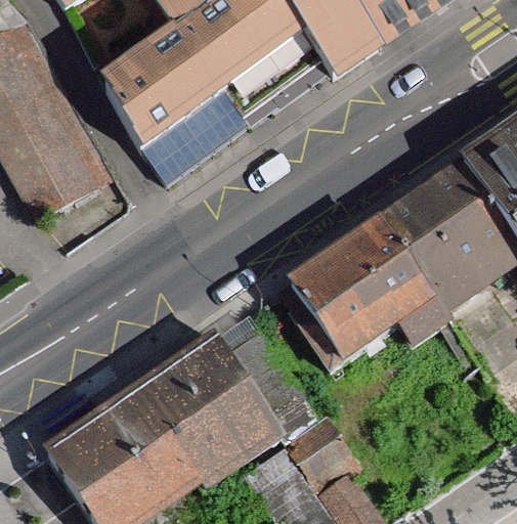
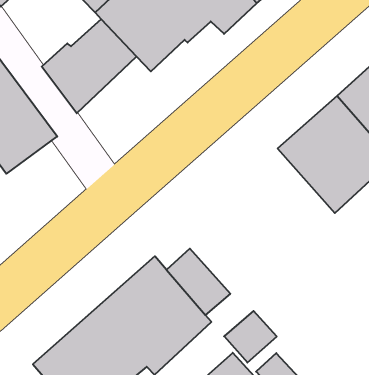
building: [138,90,245,184] -> none
building: [276,224,444,369] -> none

